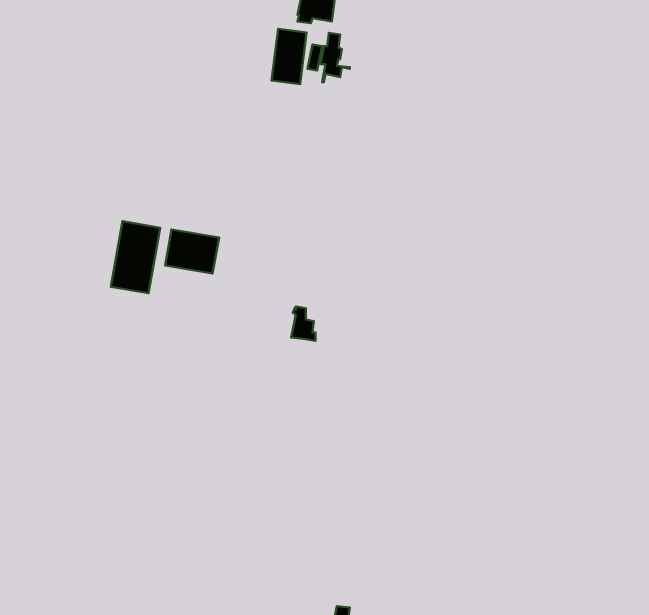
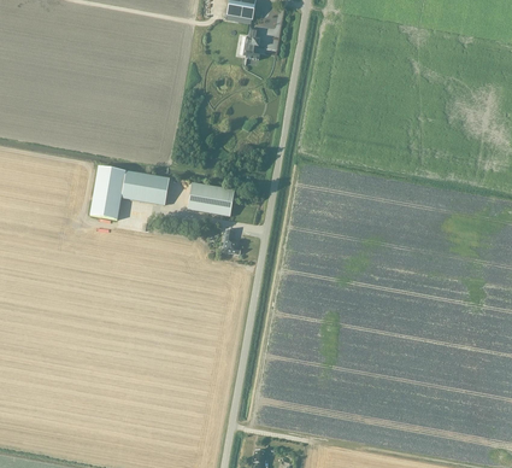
building: [272,29,307,84] -> none
building: none -> [188,182,235,216]

